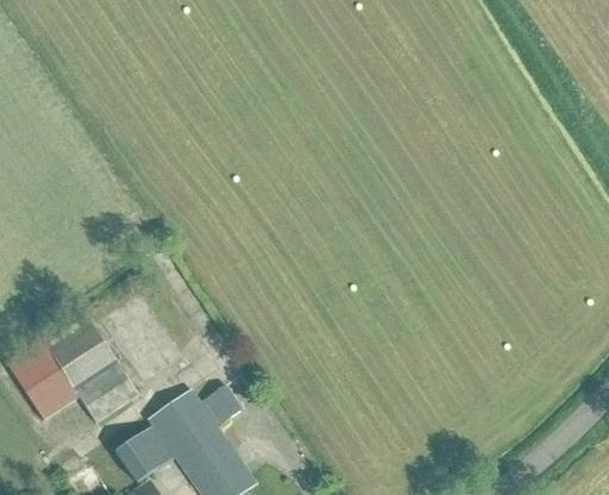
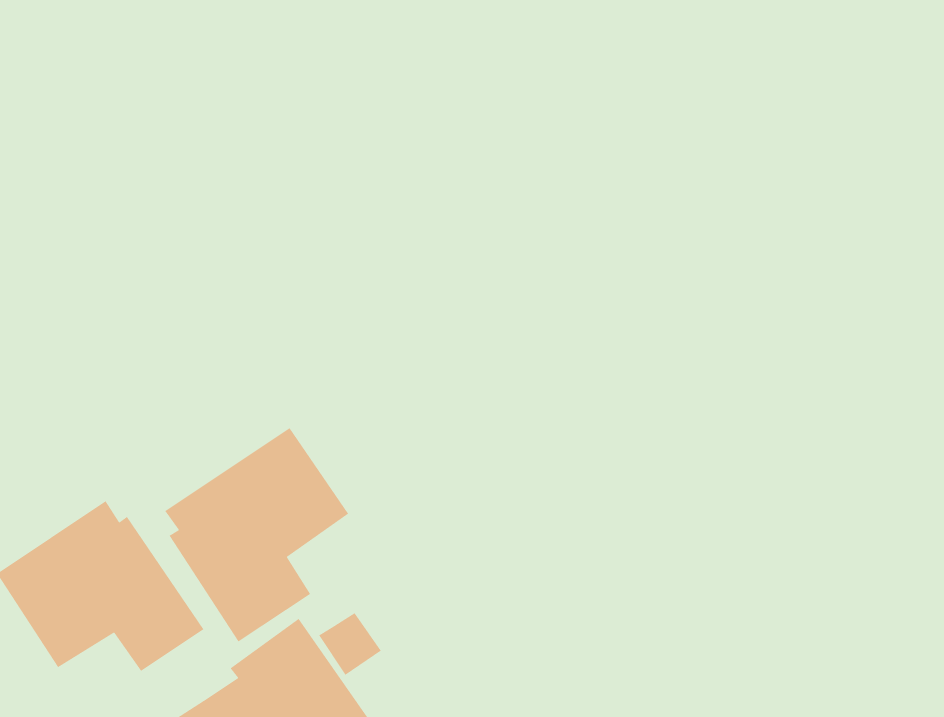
building: none -> [164,427,349,643]

